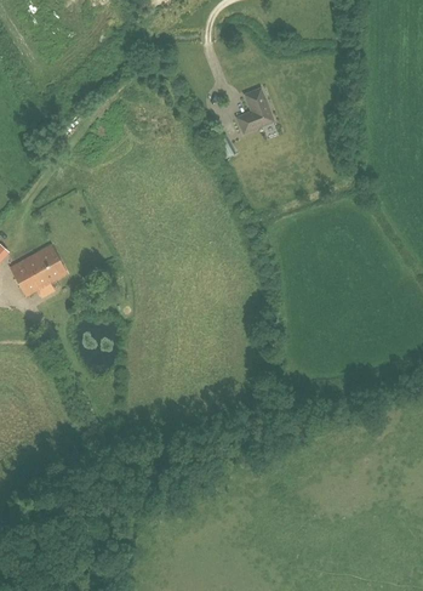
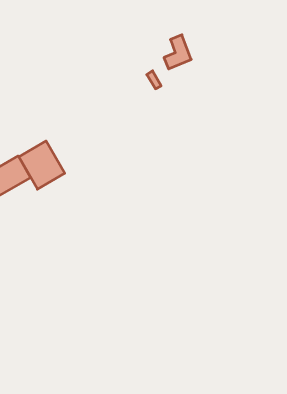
building: none -> [19,141,65,189]

